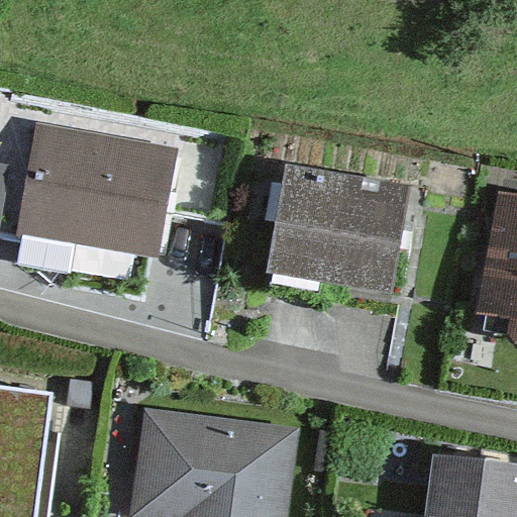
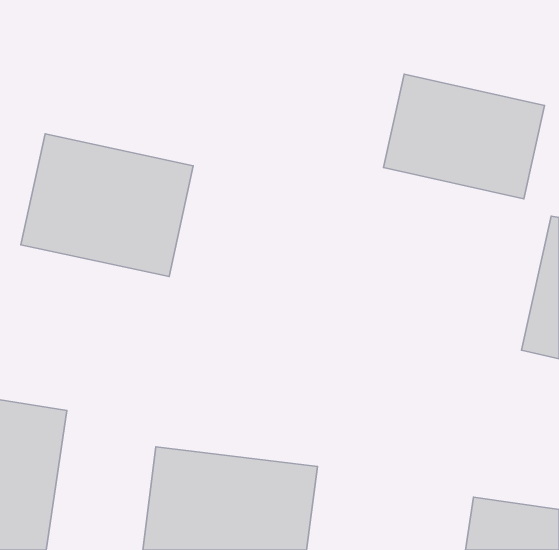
building: none -> [384,74,544,199]
building: [263,175,411,299] -> none

